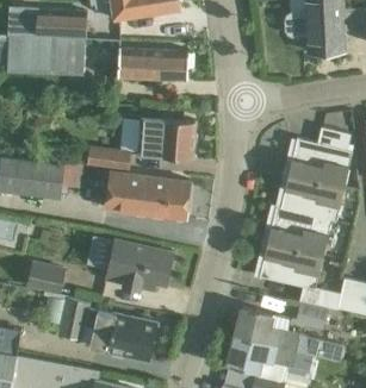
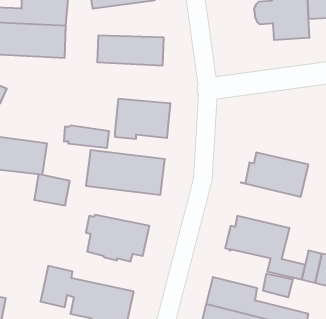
building: [286,127,352,187] -> none
building: [265,206,335,255] -> none
building: [26,259,64,293] -> [34,174,70,205]

